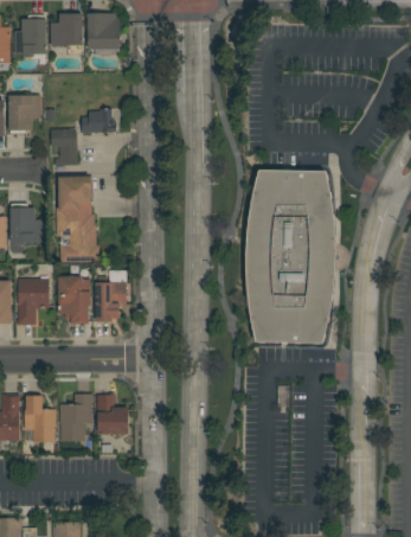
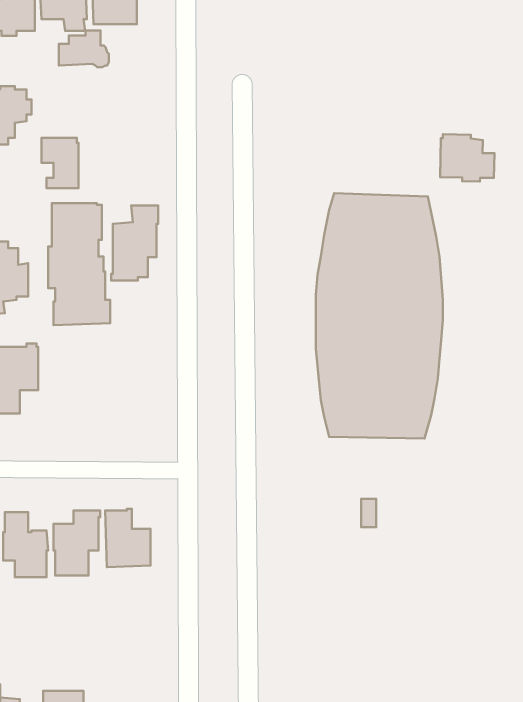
building: [83,109,118,135] -> [59,30,109,67]
building: none -> [440,134,494,182]
building: [95,270,128,324] -> [111,205,158,281]
building: [59,276,91,325] -> none

